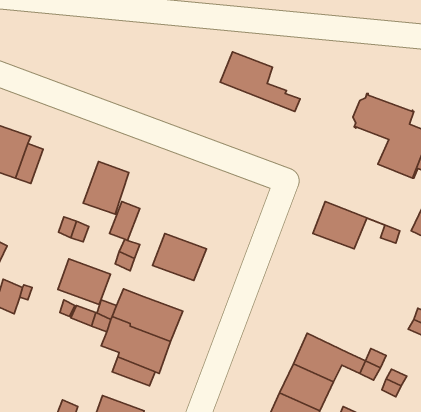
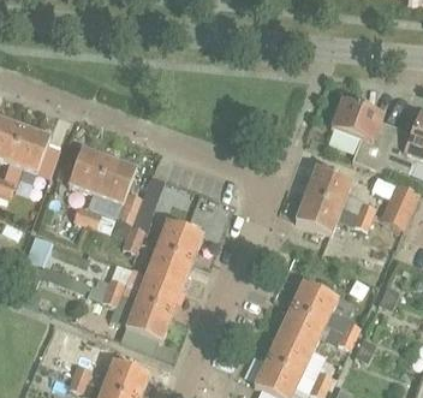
building: [220,52,300,111] -> [306,165,376,216]
building: none -> [68,147,109,192]
building: [58,259,110,305] -> [147,246,192,286]
building: none -> [291,279,338,322]

